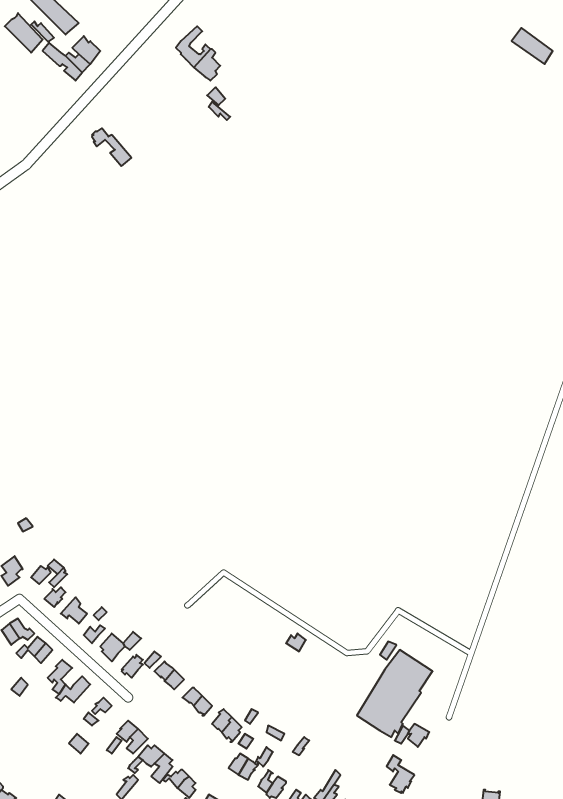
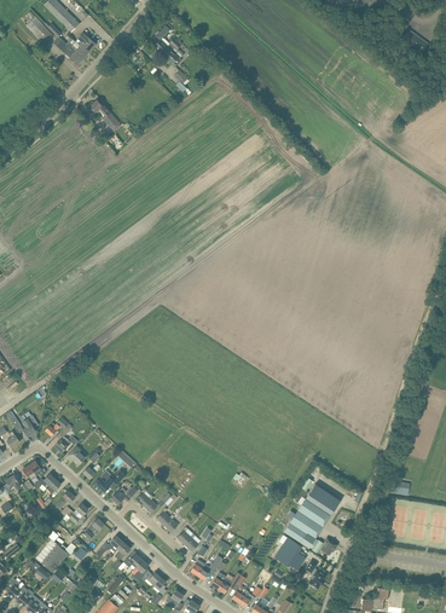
building: none -> [274,536,306,573]
building: none -> [36,539,69,572]

